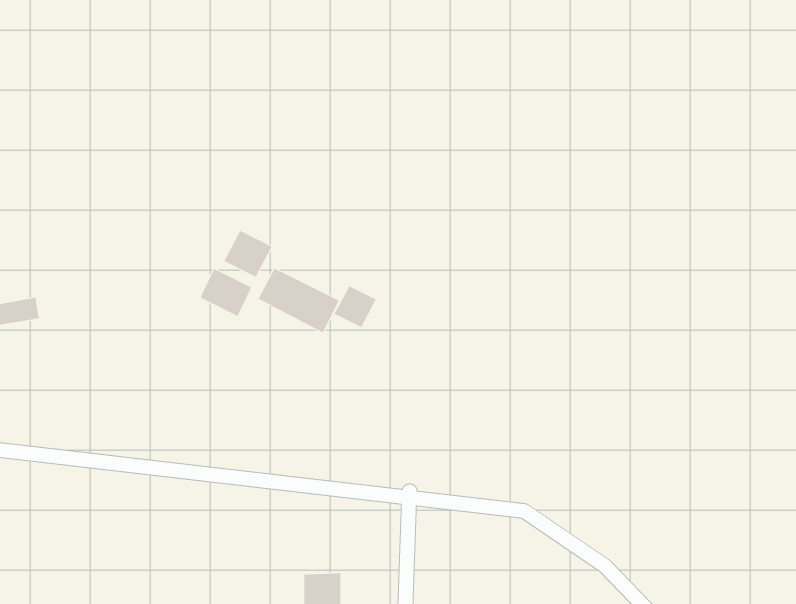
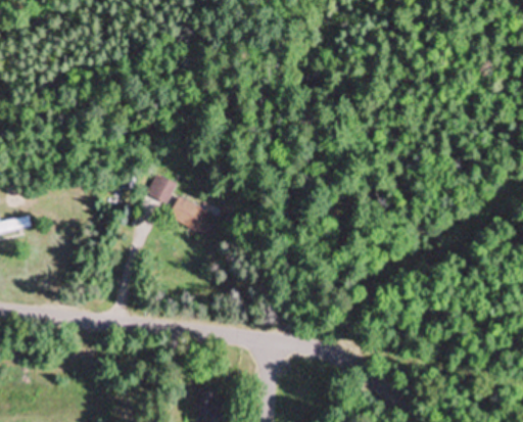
building: [200,268,252,317] -> none
building: [334,285,377,328] -> none

